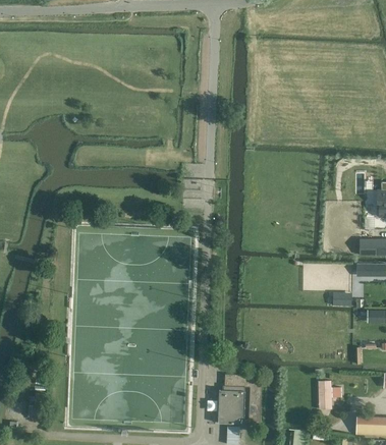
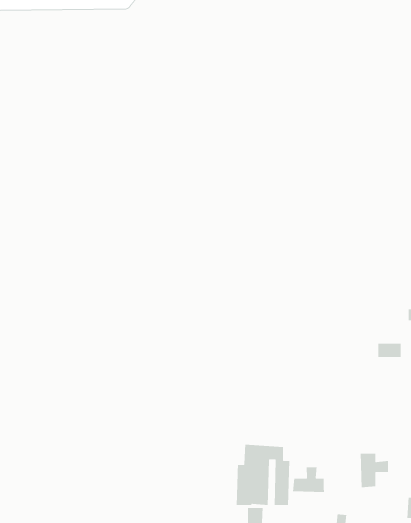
building: none -> [292,466,325,493]

